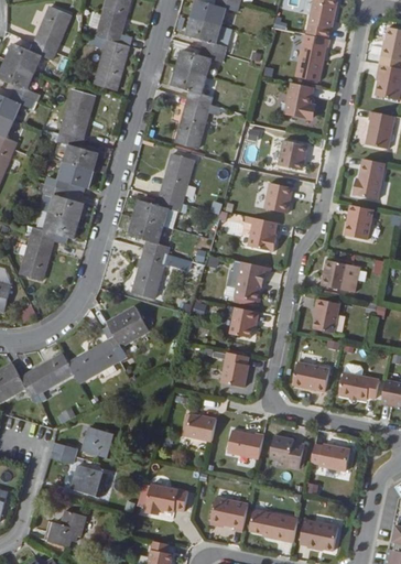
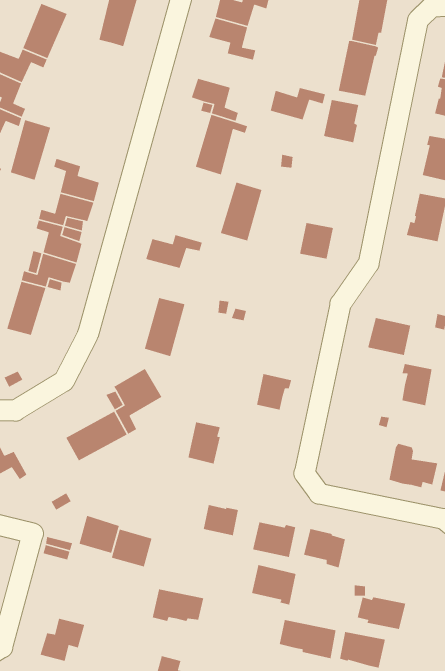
building: [96,36,130,87] -> none
building: [180,45,226,73] -> [270,87,326,121]
building: [63,87,97,138] -> [10,119,51,181]
building: [277,141,305,170] -> none
building: [161,151,196,200] -> [220,181,263,242]
building: [343,206,372,241] -> none
building: [132,215,172,251] -> none
building: [247,219,277,253] -> none
building: [232,263,264,303] -> none
building: [313,301,338,336] -> [402,363,432,406]
building: [29,351,76,392] -> none
building: [219,355,247,390] -> [188,422,221,464]
building: [291,365,329,394] -> none
building: [307,445,348,473] -> [357,596,406,630]
building: [72,464,106,496] -> [111,529,152,567]
building: [207,499,245,533] -> [251,564,297,605]

